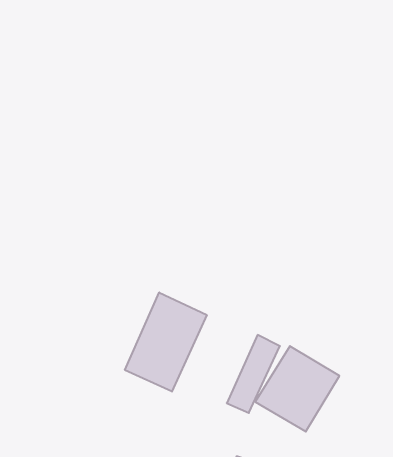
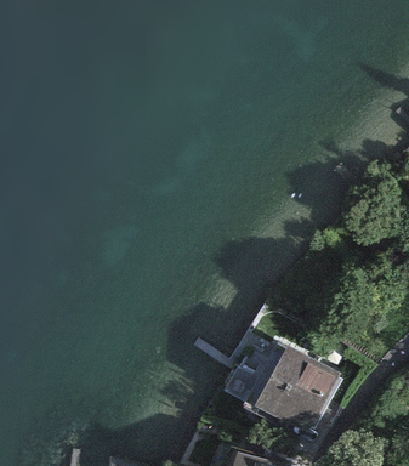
building: [125,292,207,392] -> none

